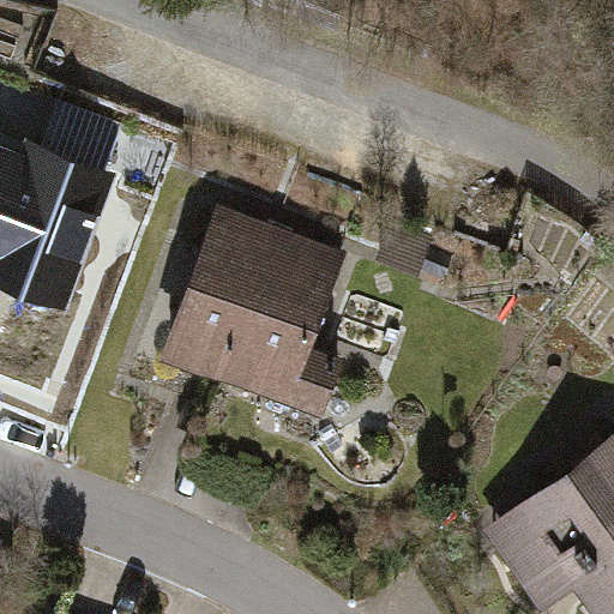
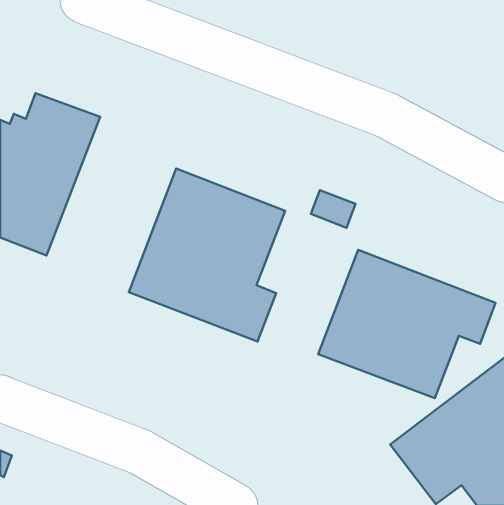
building: none -> [318,250,496,398]

